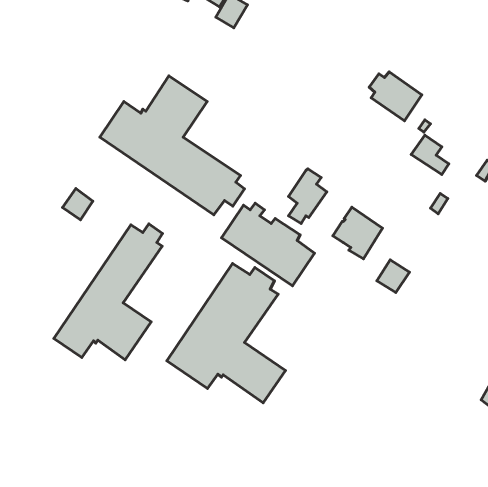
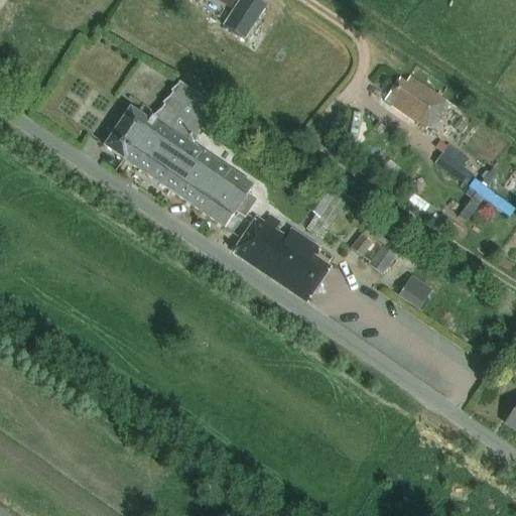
building: [63,188,93,220] -> none
building: [54,224,162,360] -> none
building: [167,263,285,403] -> none

